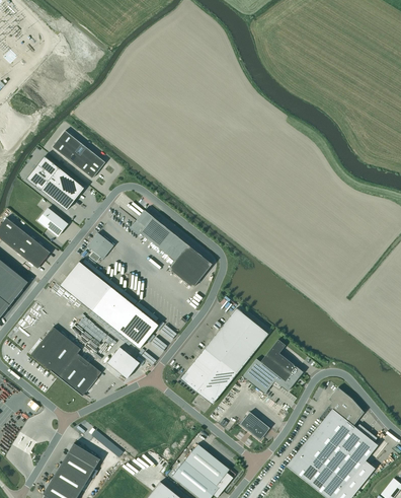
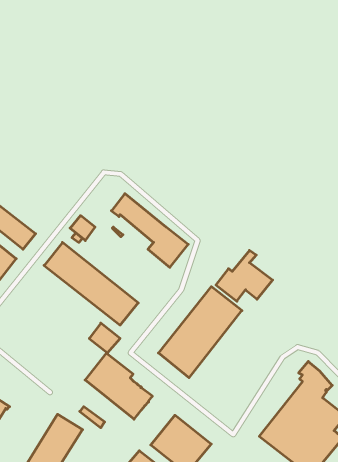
building: [53,131,105,179] -> none
building: [27,157,84,211] -> none
building: [38,209,68,236] -> none
building: [30,327,101,397] -> [85,353,152,419]
building: [243,340,303,394] -> [216,250,273,301]
building: [240,412,269,440] -> none

